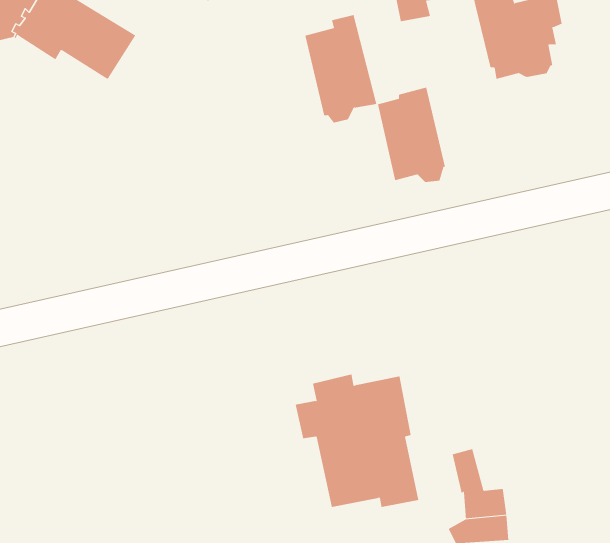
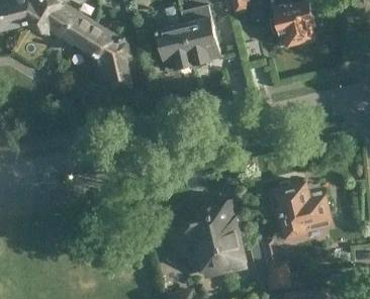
building: none -> [78,21,130,87]
building: [377,87,446,183] -> [156,21,192,72]
building: none -> [264,182,334,236]

